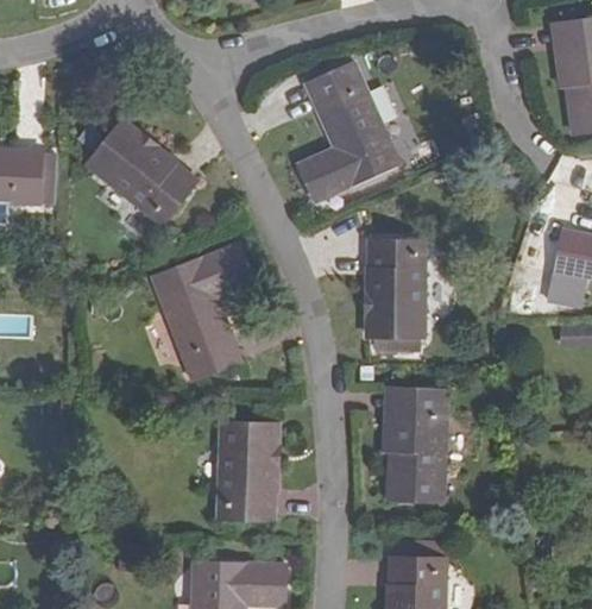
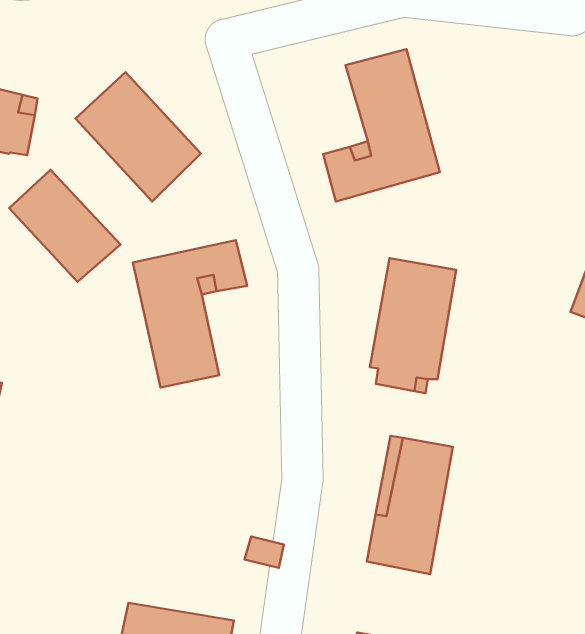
building: none -> [9,170,120,282]
building: [218,423,278,521] -> none

